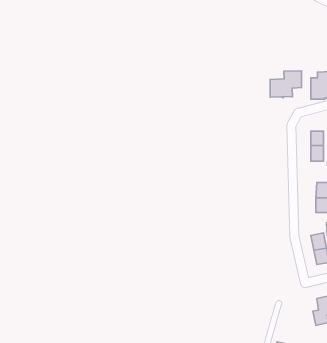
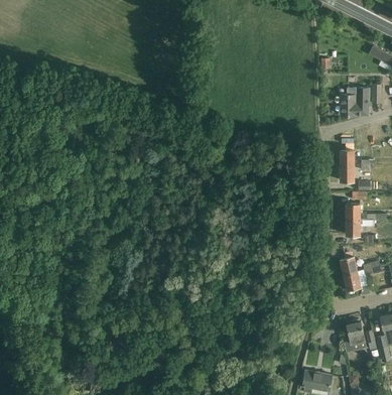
building: [270,71,302,98] -> none

